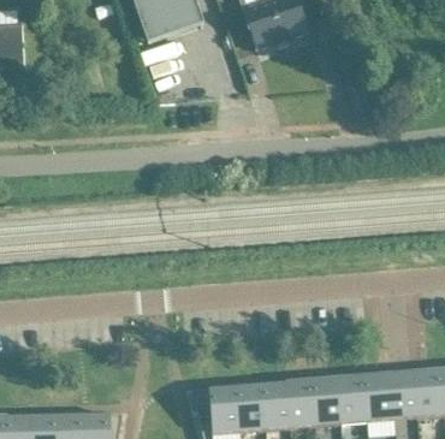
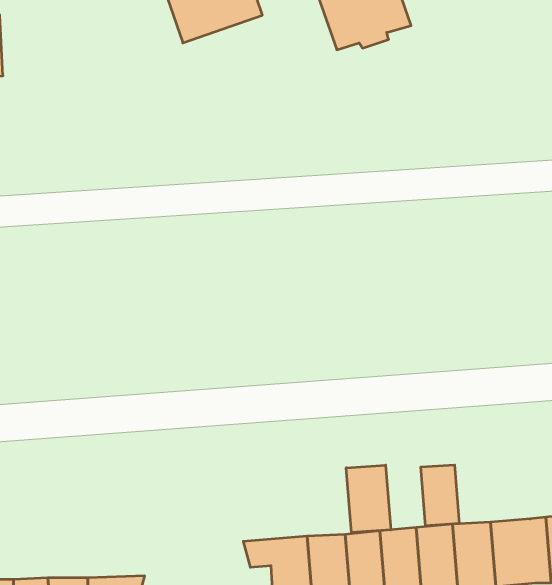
building: none -> [421,465,459,526]
building: none -> [346,465,391,532]

